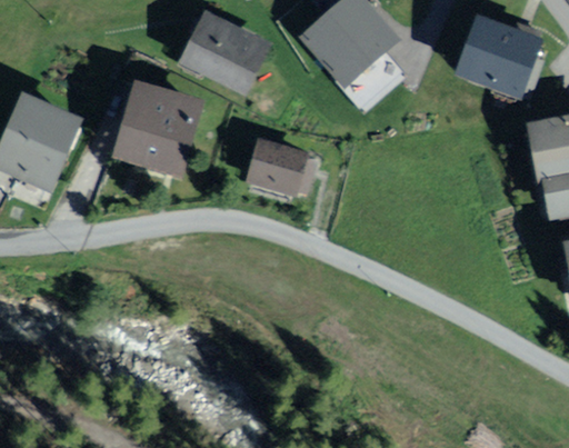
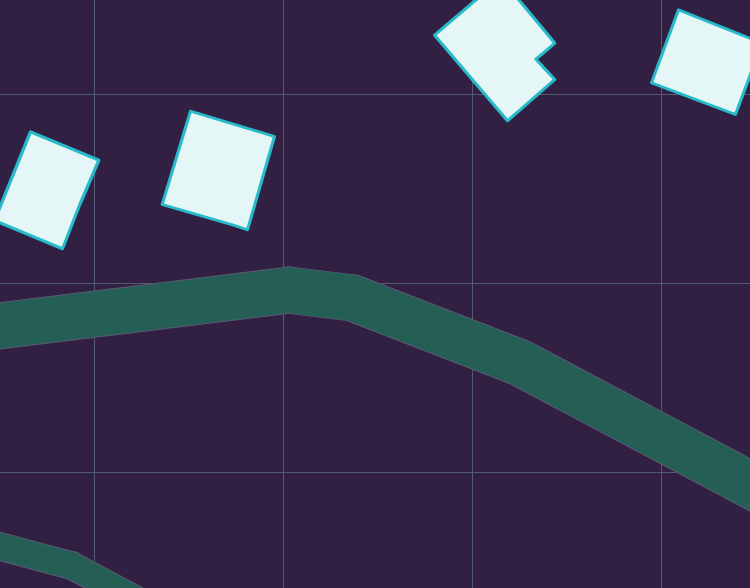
building: [187,17,259,84] -> none
building: [251,143,300,188] -> none

